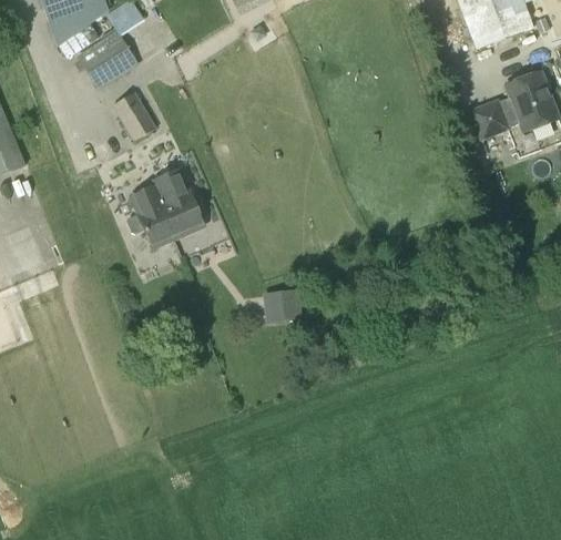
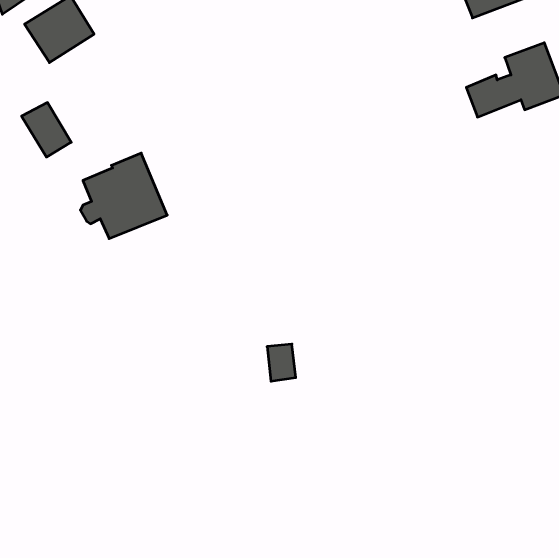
building: [111,91,155,140] -> [22,103,71,157]
building: [273,285,298,318] -> [267,344,296,381]

